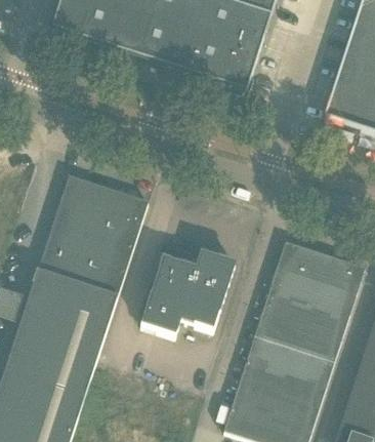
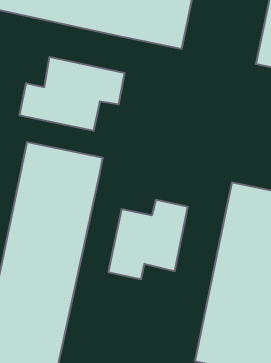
building: none -> [19,57,125,131]

